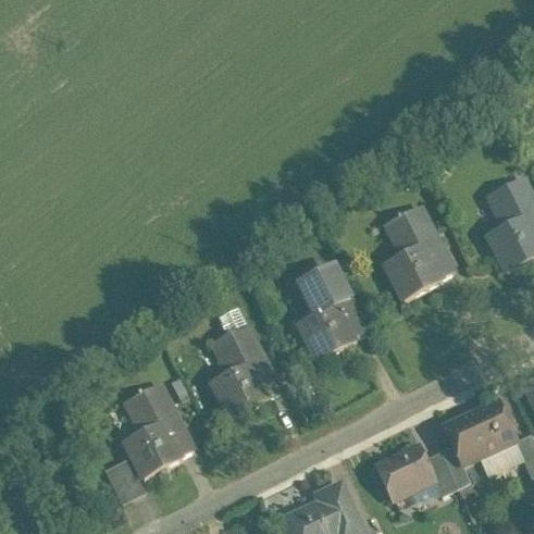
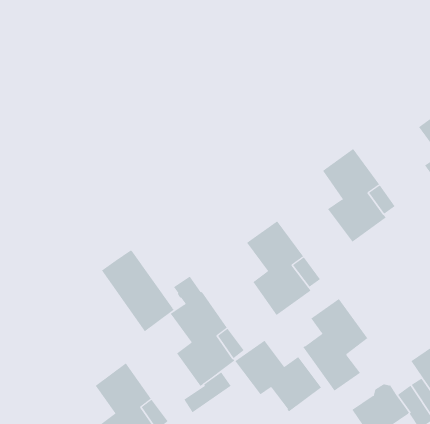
building: none -> [101,249,175,332]
building: none -> [302,298,368,391]
building: none -> [235,340,322,412]
building: none -> [183,371,231,413]

